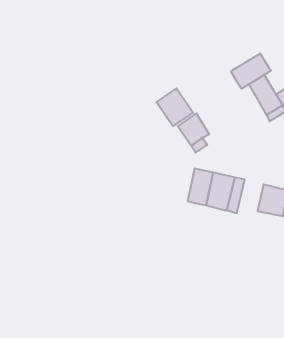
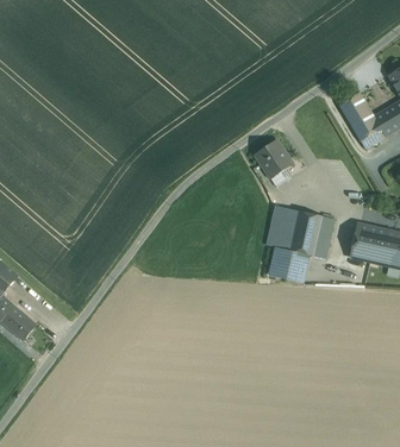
building: [231,53,271,89] -> none
building: [156,88,193,126] -> none
building: none -> [268,247,310,283]

